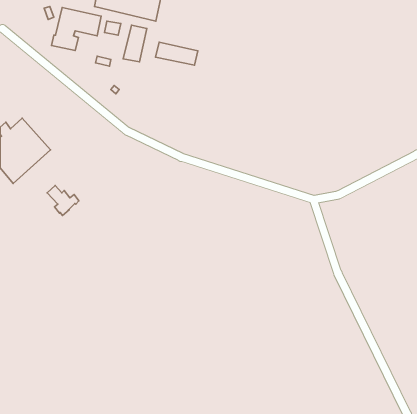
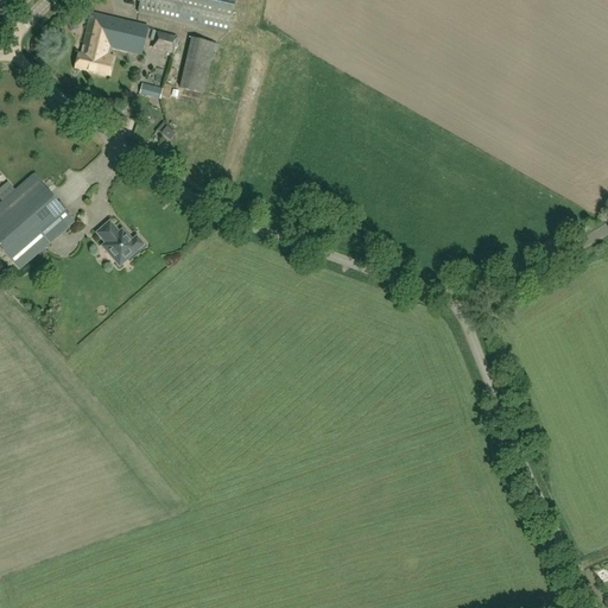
building: [156,42,198,65] -> none
building: [47,186,79,216] -> [97,220,144,264]

